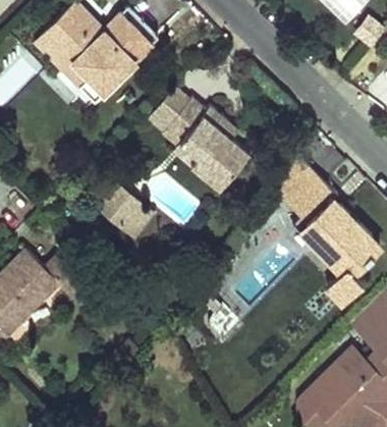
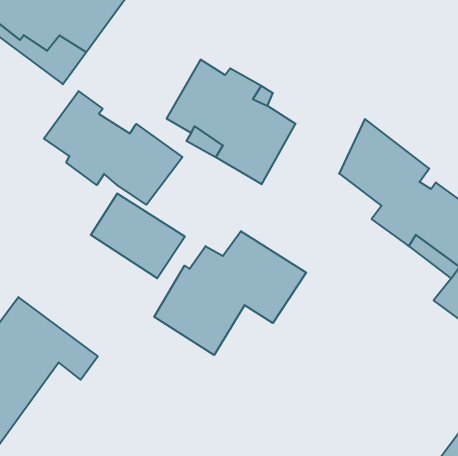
building: none -> [44,91,182,205]
building: none -> [154,231,306,355]

